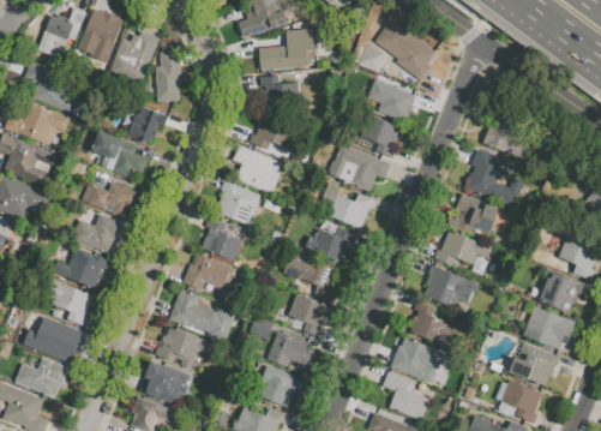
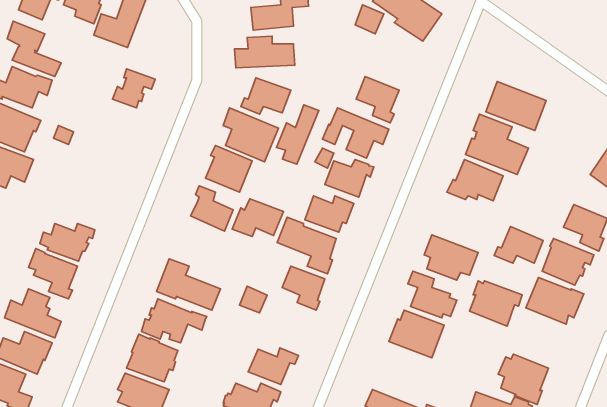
building: [155,53,180,102] -> none
building: [379,85,414,122] -> none
building: [91,131,148,180] -> none
building: none -> [277,105,319,164]
building: [86,182,136,217] -> none
building: [74,215,126,255] -> none
building: [433,231,480,265] -> [494,227,543,263]
building: [181,255,230,291] -> [232,199,284,237]
building: [265,330,317,376] -> none
building: [509,343,559,387] -> [469,281,522,326]
building: [381,372,429,421] -> none

